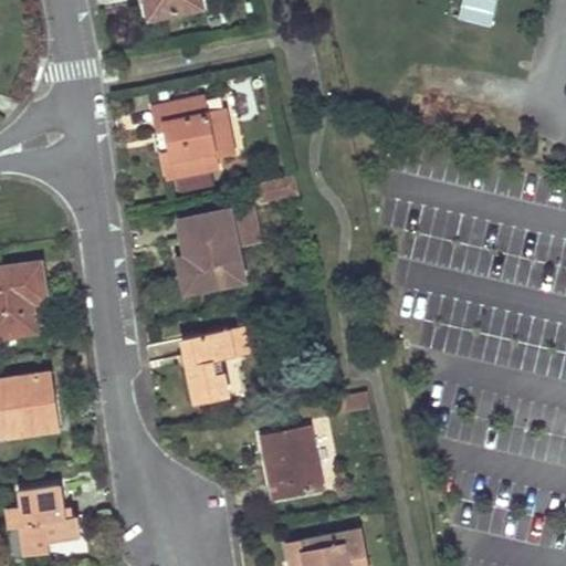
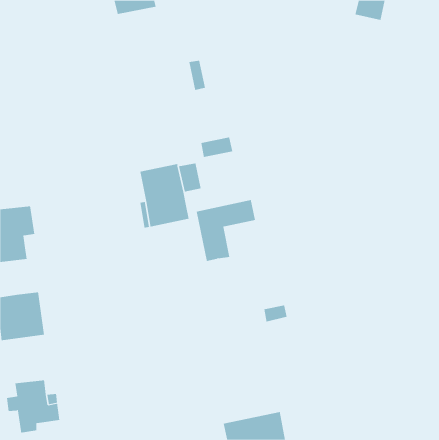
building: [154,97,234,195] -> none
building: [182,324,260,403] -> [196,199,256,261]
building: [261,427,322,502] -> none

